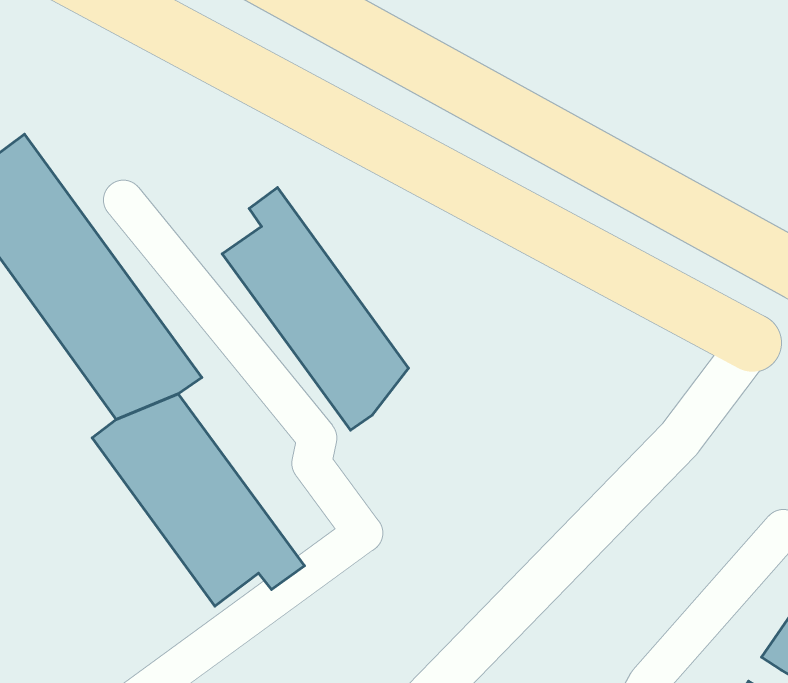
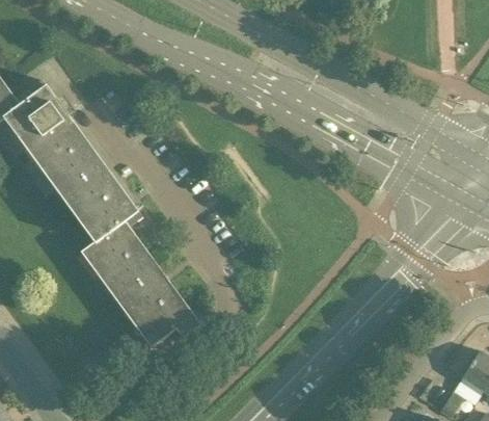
building: [222,187,408,430] -> none

